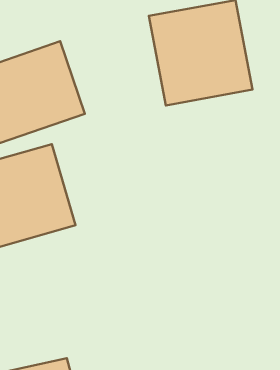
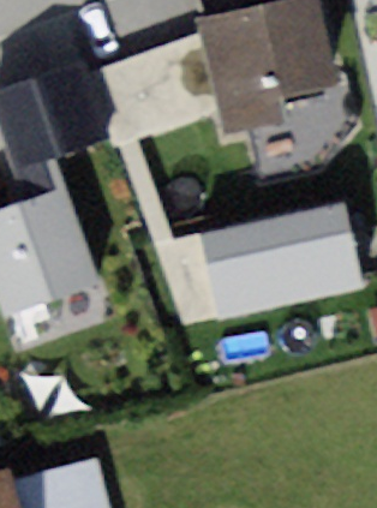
building: none -> [192,199,354,317]

